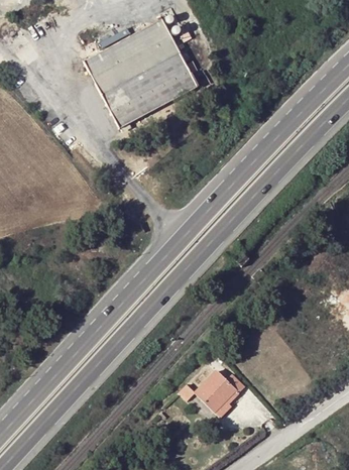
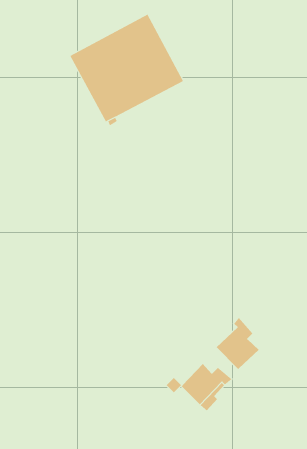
building: none -> [216,317,259,370]

